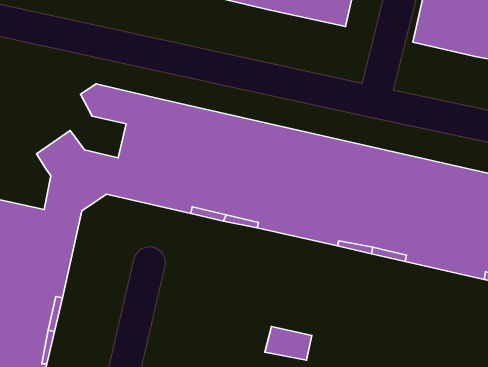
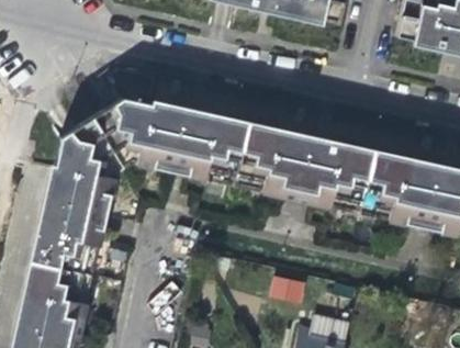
building: none -> [104,102,152,137]
building: none -> [53,143,88,181]

